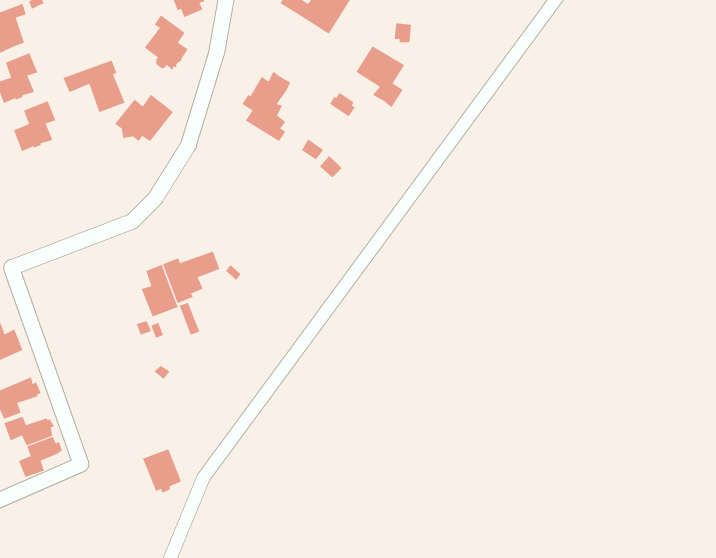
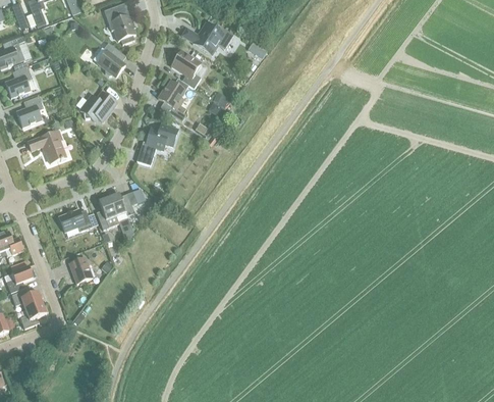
building: [356,45,405,108] -> [170,49,201,88]
building: [63,60,125,113] -> [26,130,65,162]
building: none -> [135,122,177,164]
building: none -> [57,208,91,232]
building: [142,449,182,493] -> [67,256,92,284]

